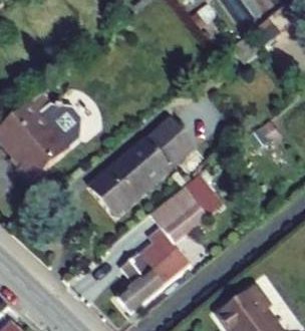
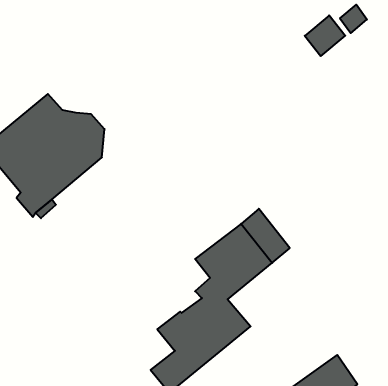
building: [89,117,195,216] -> none

